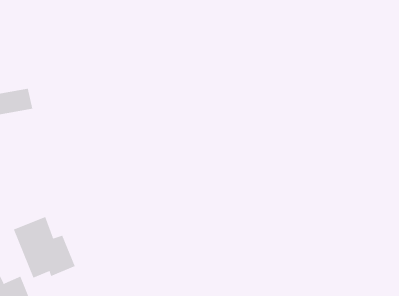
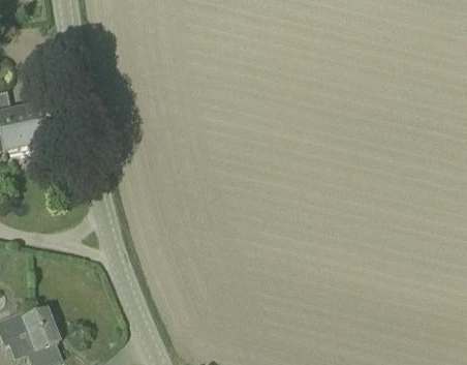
building: [13,216,75,279] -> none

